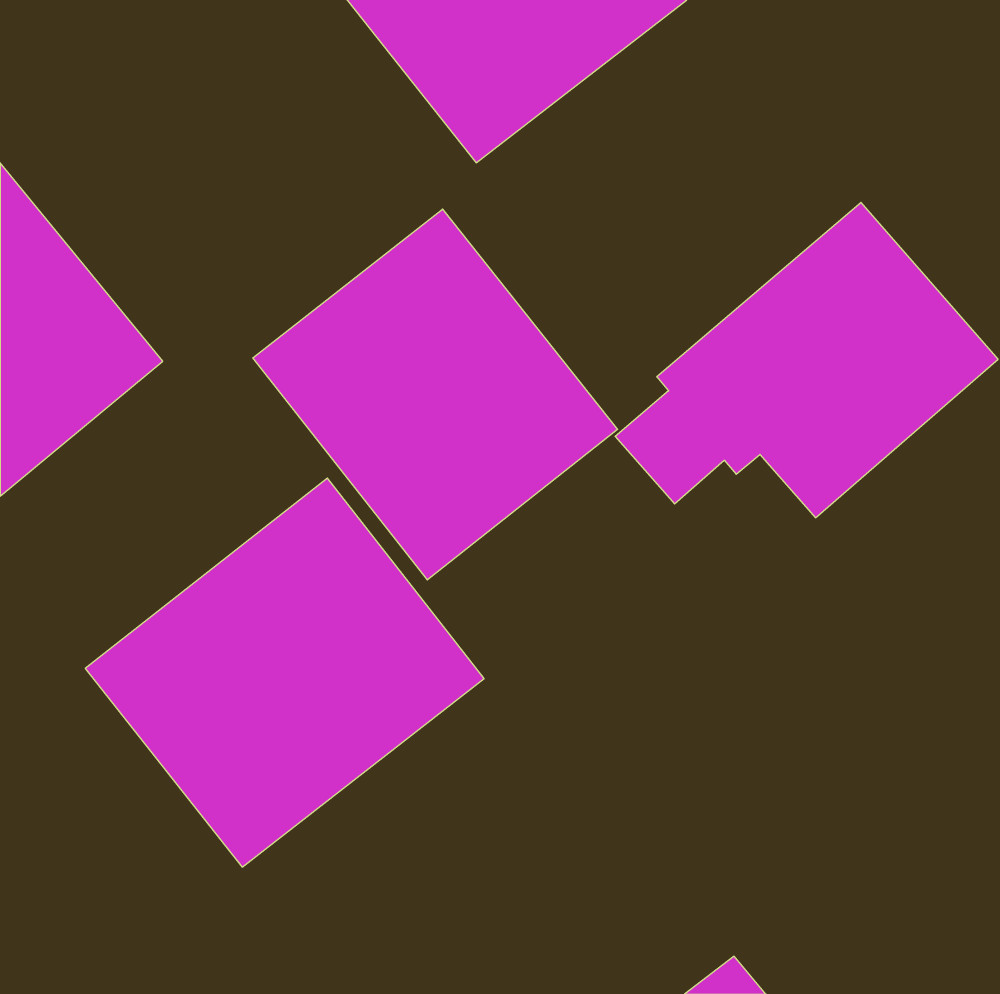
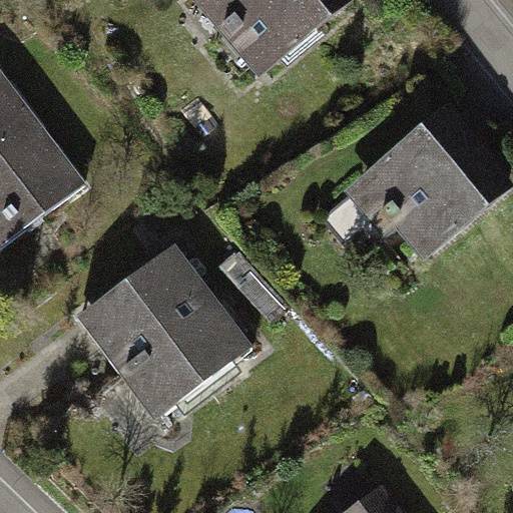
building: [253,209,618,580] -> none

